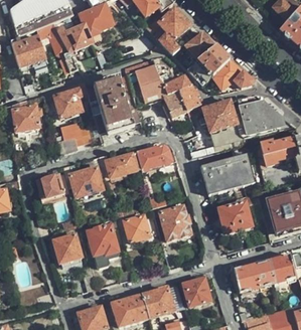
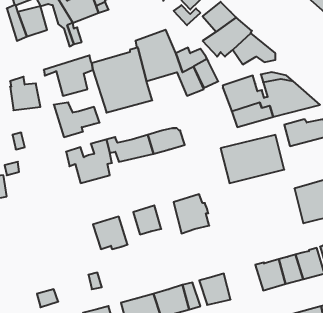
building: [36,174,64,199] -> none
building: [218,201,253,232] -> none
building: [53,234,82,263] -> none

